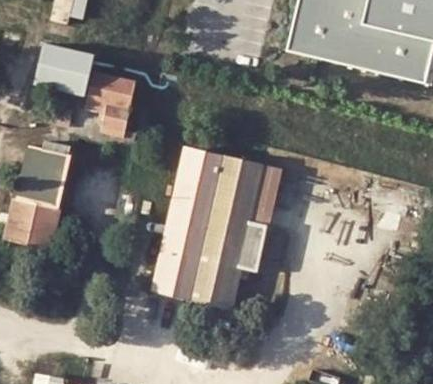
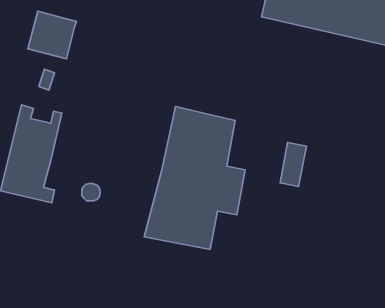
building: [85,72,135,135] -> none
building: [251,169,280,217] -> [280,143,307,187]

